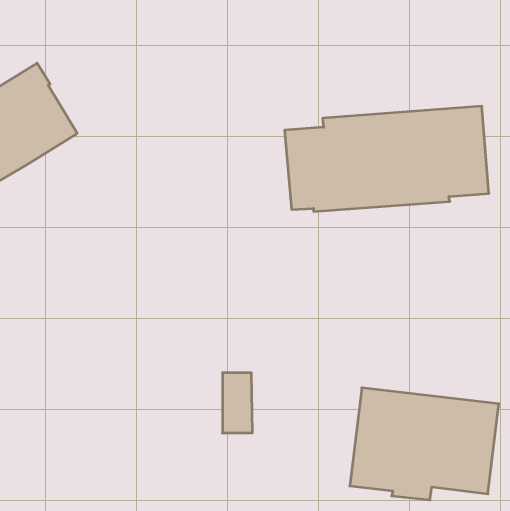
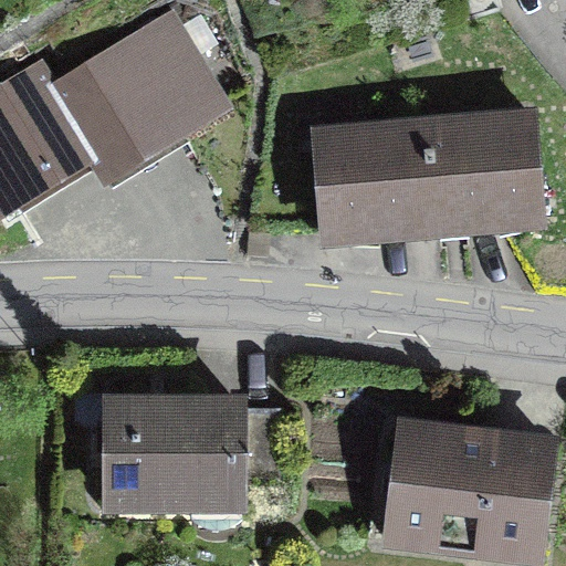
building: none -> [53,24,212,170]
building: none -> [105,406,240,504]

